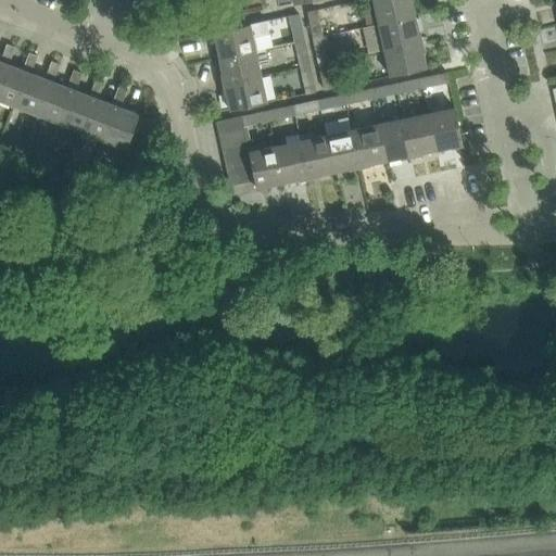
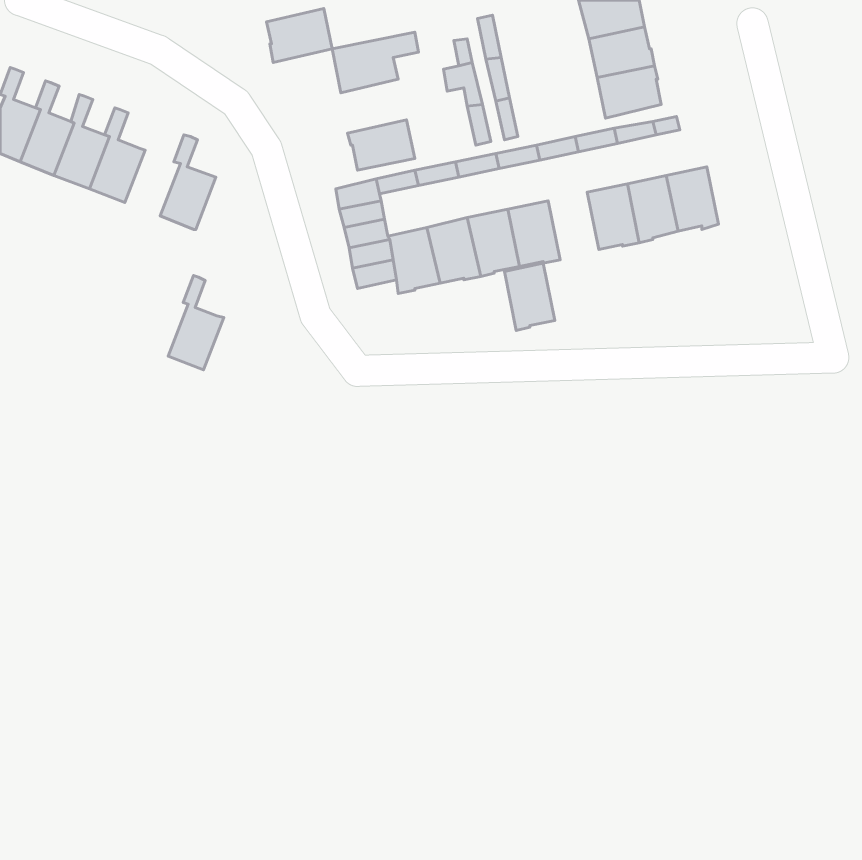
building: [219,52,262,87] -> [267,8,332,62]
building: [80,79,116,140] -> [168,275,224,370]
building: [353,125,386,168] -> [504,263,555,331]

